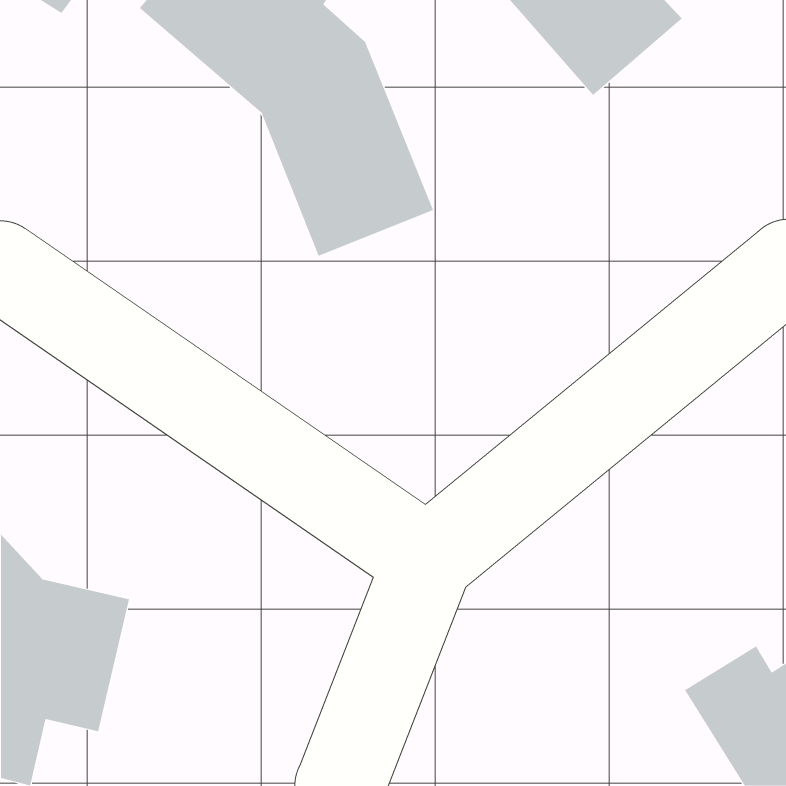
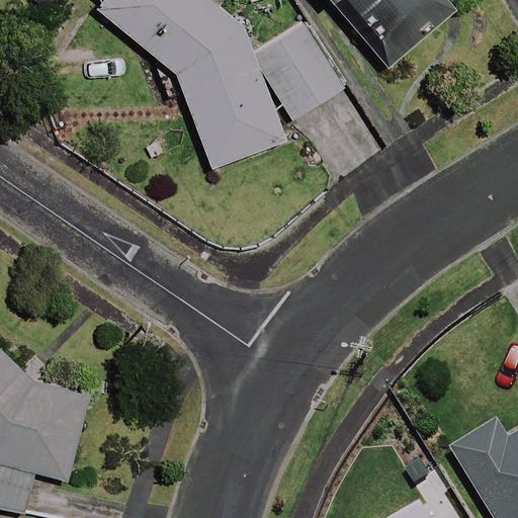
building: none -> [255,24,346,118]

